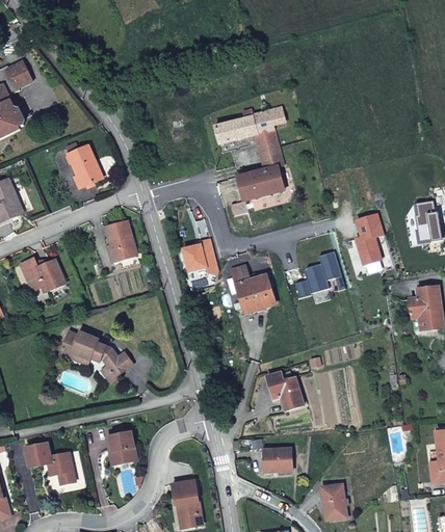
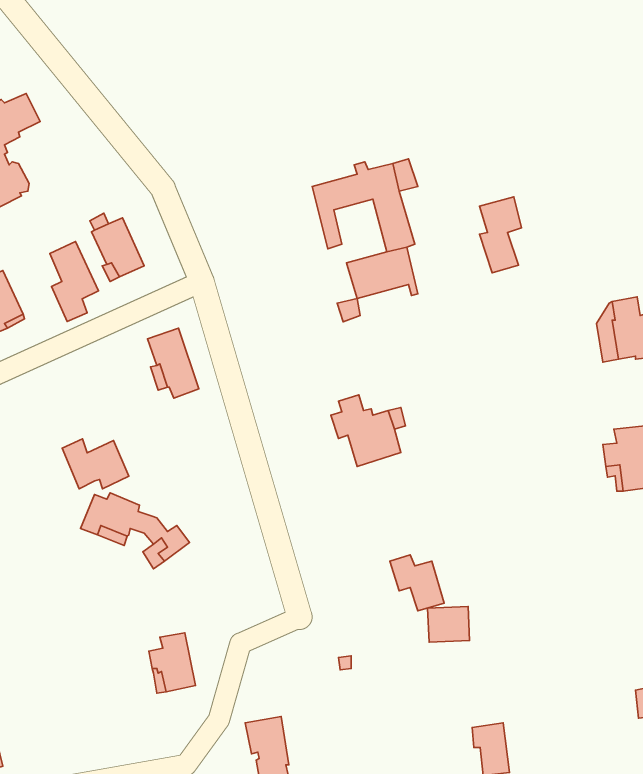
building: none -> [50,241,98,322]
building: [355,213,383,264] -> [480,197,522,273]
building: [183,238,219,274] -> none
building: [294,250,341,297] -> none
building: [20,258,64,291] -> [62,439,129,489]
building: [24,442,74,484] -> none
building: [263,448,291,472] -> [428,606,470,642]

